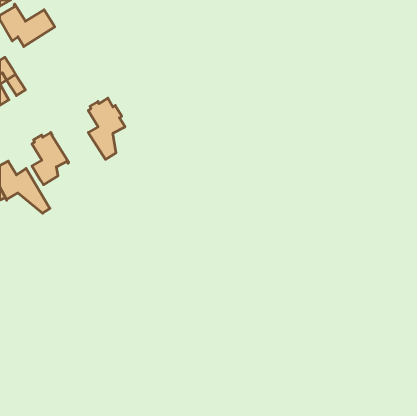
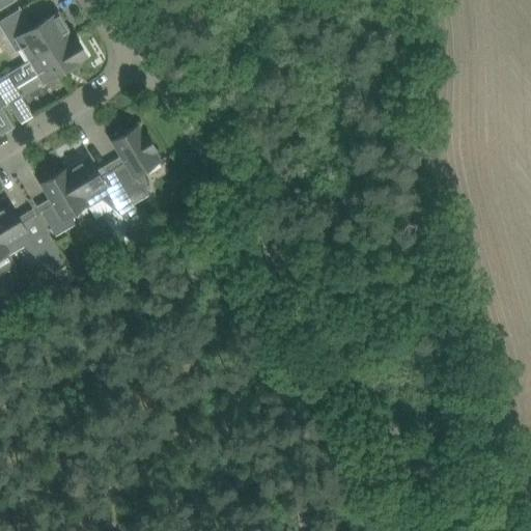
building: none -> [19,36,86,83]
building: none -> [65,160,142,226]

